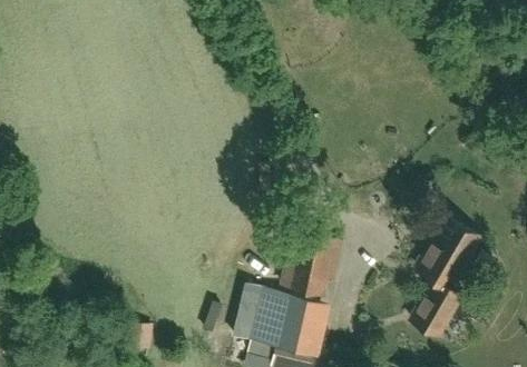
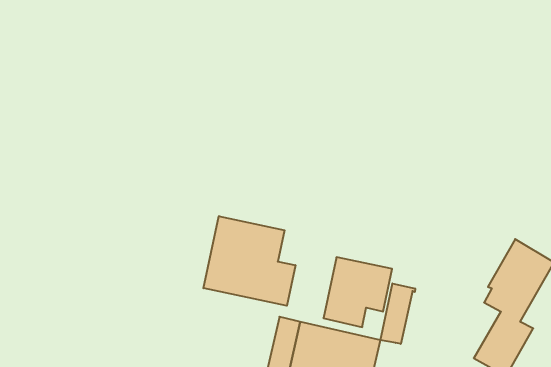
building: none -> [203,216,295,306]
building: none -> [380,283,415,344]

